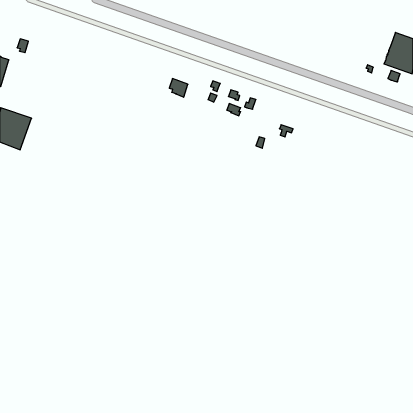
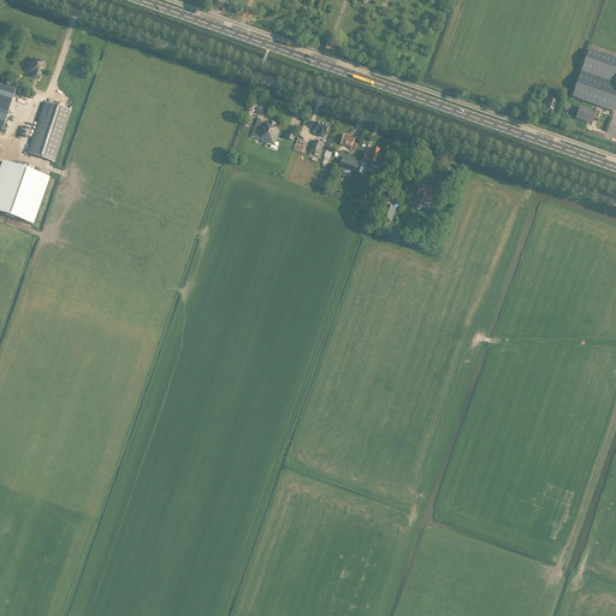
building: none -> [26,100,70,161]

